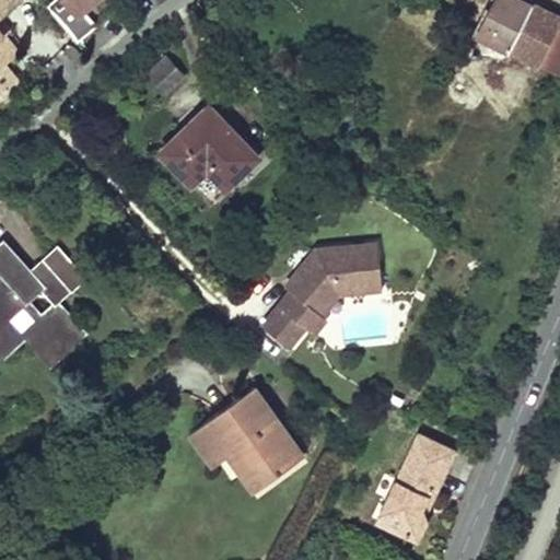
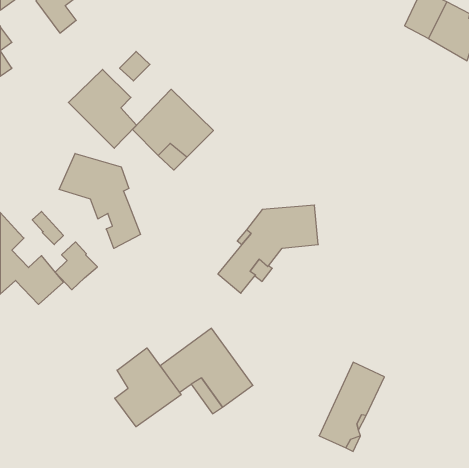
building: none -> [68,69,137,148]
building: none -> [59,153,141,248]
building: [15,261,66,318] -> [55,242,97,290]
building: none -> [115,348,181,427]

